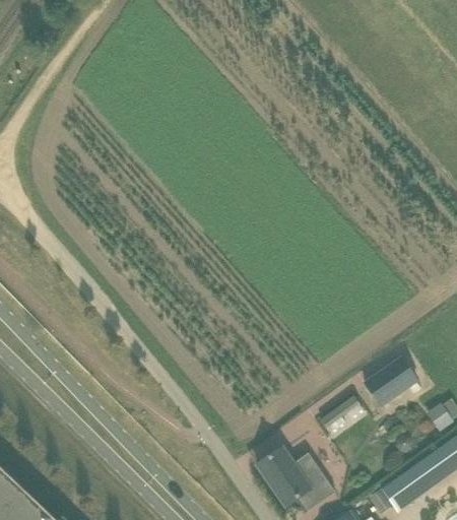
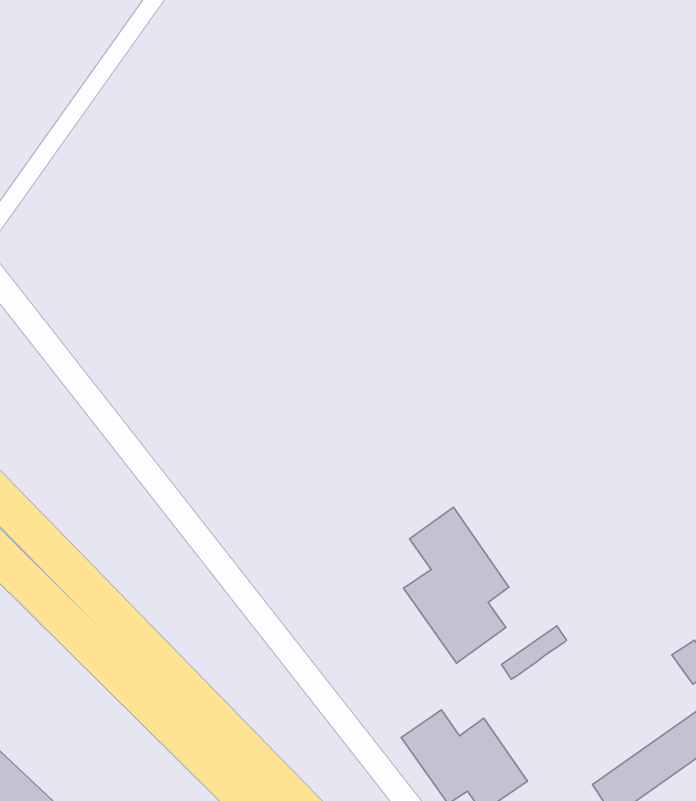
building: none -> [403,507,509,663]
building: [365,358,417,406] -> none

